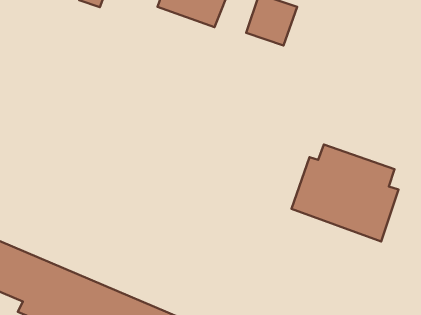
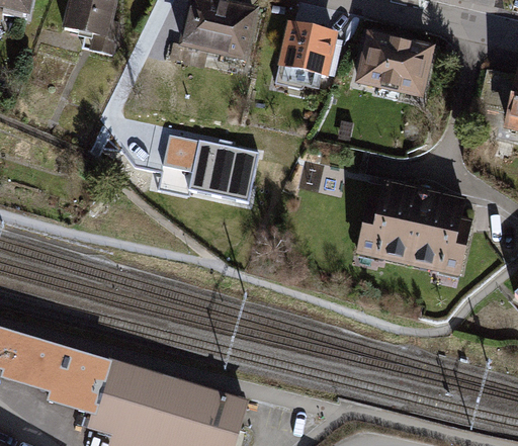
building: none -> [356,32,435,101]
building: none -> [163,137,259,203]

